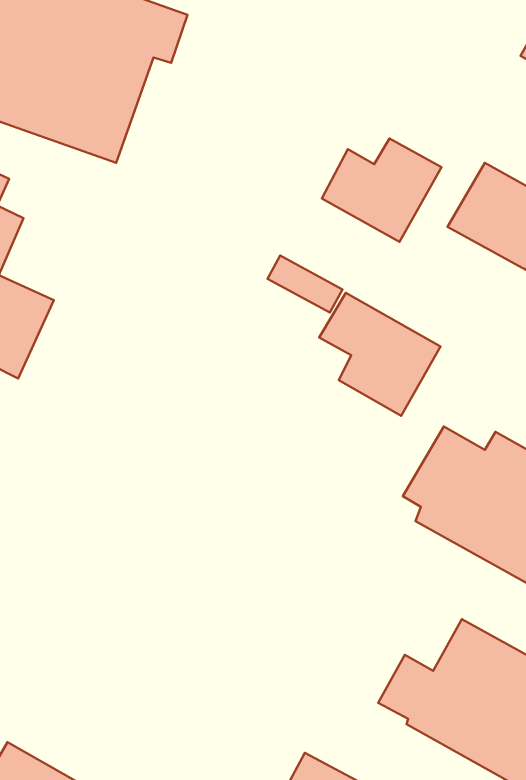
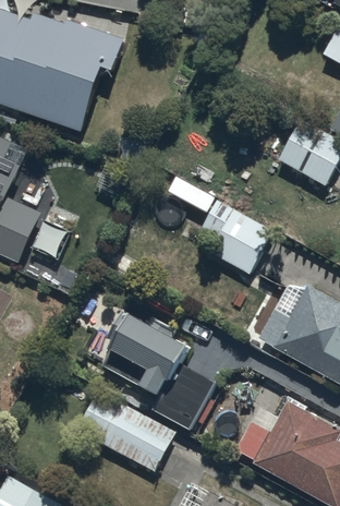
building: [322,139,441,242] -> none
building: none -> [104,312,216,432]
building: none -> [77,391,177,472]

